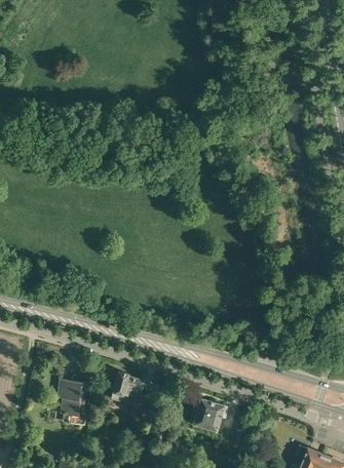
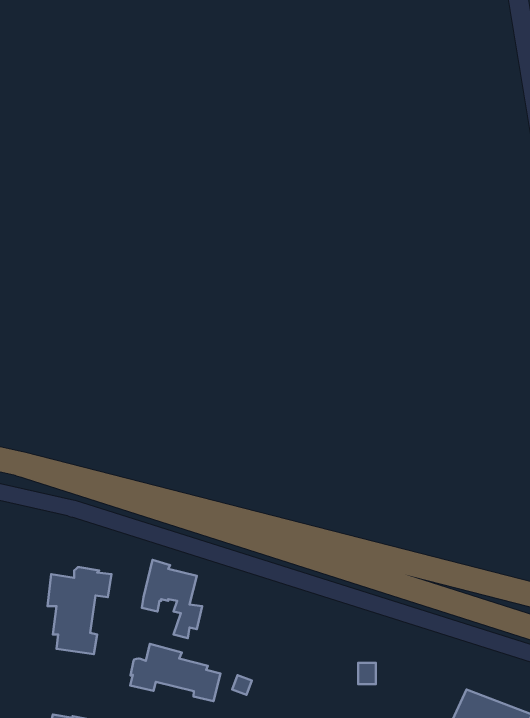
building: [192,398,228,431] -> none
building: none -> [130,644,220,701]

